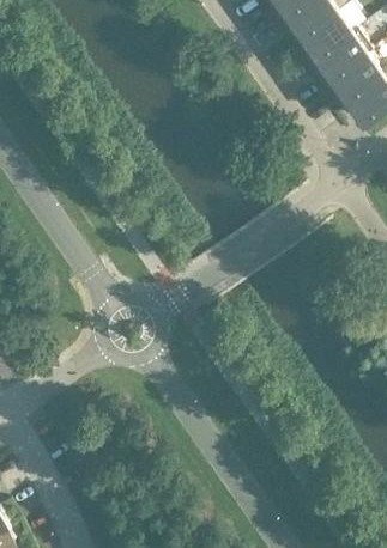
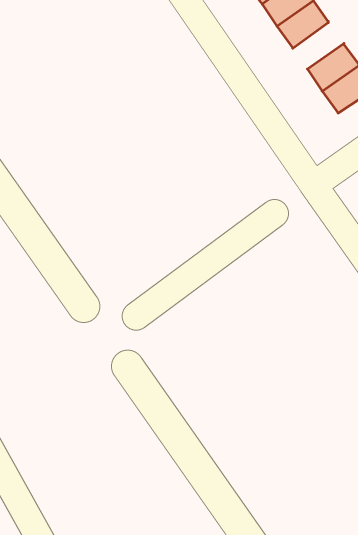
building: [316,29,371,79] -> none

